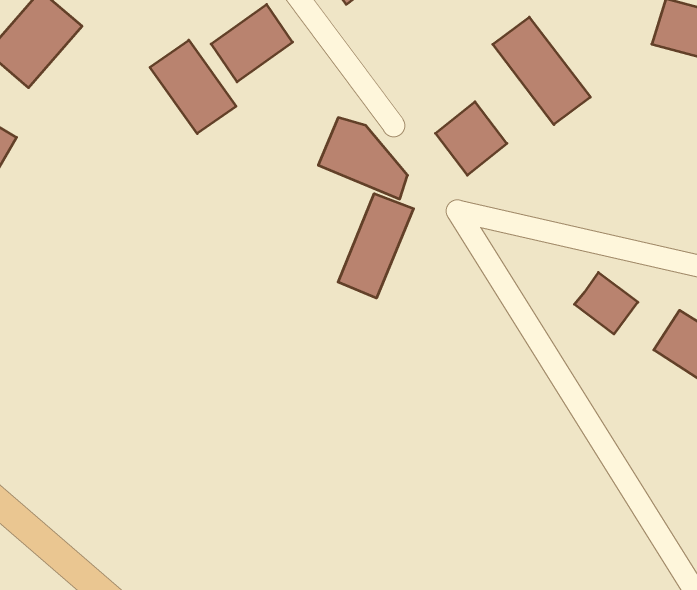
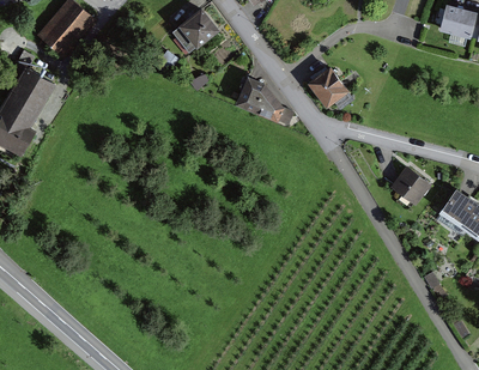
building: [493,17,590,125] -> none
building: [150,40,236,134] -> none
building: [338,194,414,298] -> none

